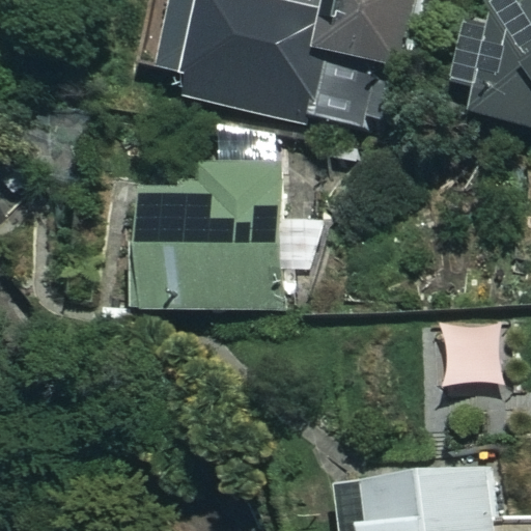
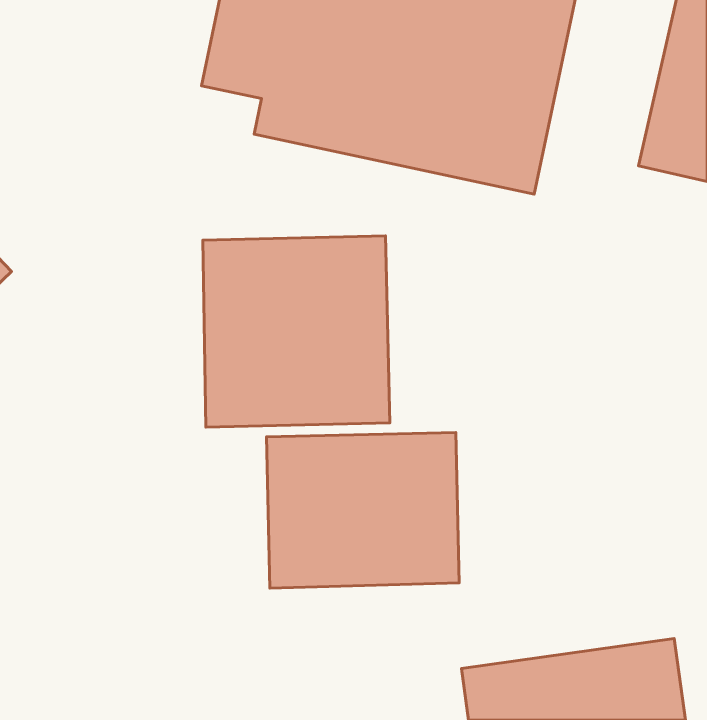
building: none -> [267,432,459,588]

